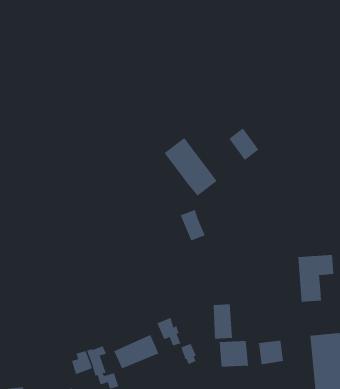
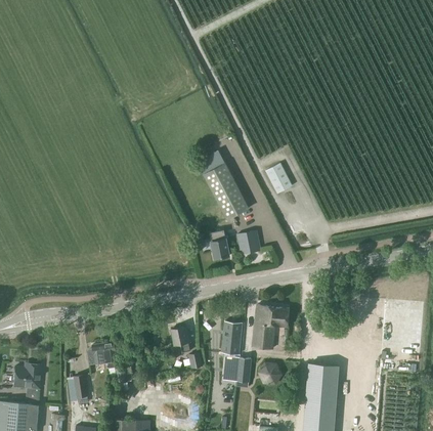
building: none -> [237,230,260,254]
building: [298,254,334,302] -> [253,304,290,348]
building: [114,334,159,369] -> none

